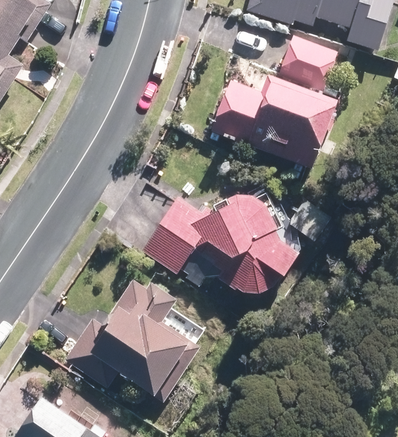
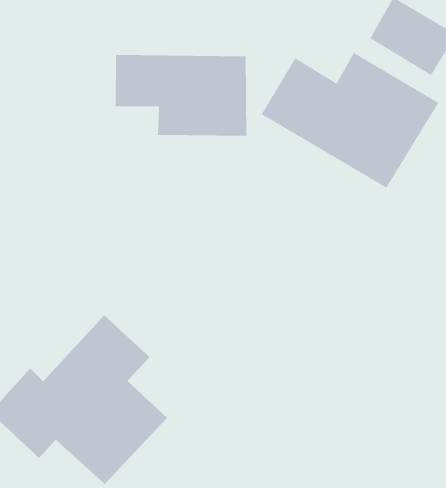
building: none -> [115,54,247,137]
building: [148,190,289,289] -> none

